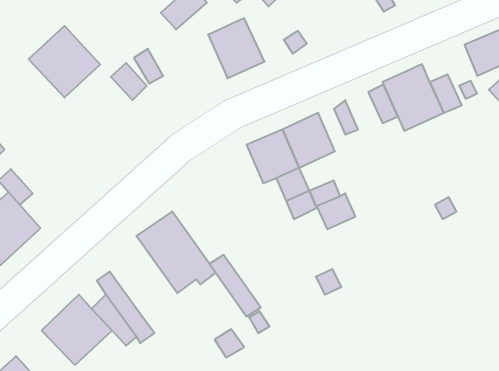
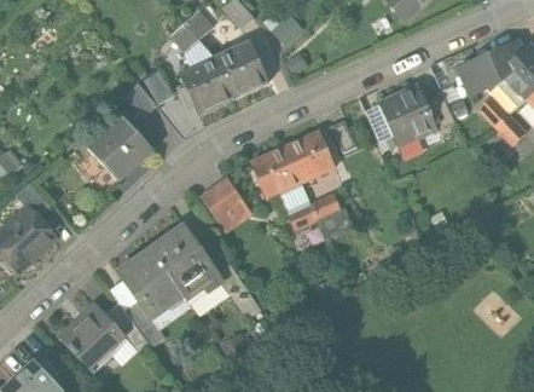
building: [29,26,100,98] -> [85,114,152,181]
building: none -> [176,57,232,114]
building: none -> [201,179,242,219]
building: none -> [115,247,182,321]

